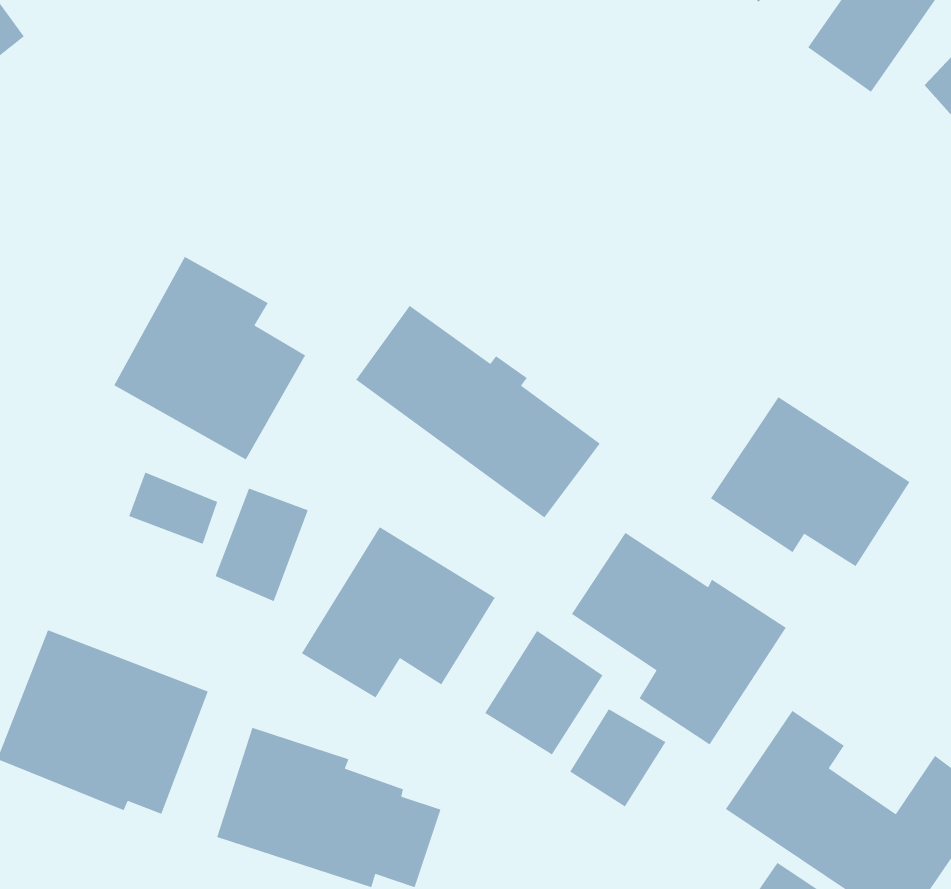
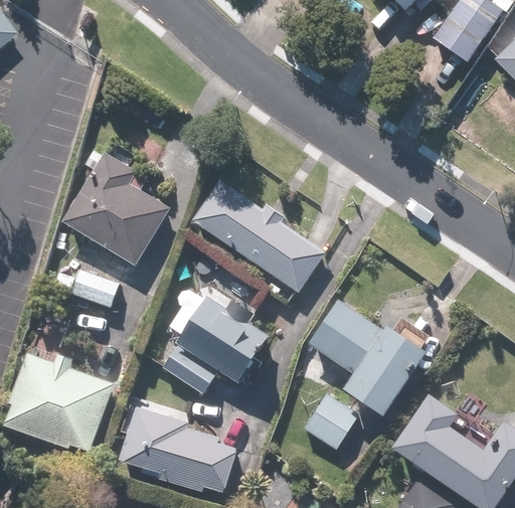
building: [710,396,910,567] -> none
building: [215,487,309,602] -> none
building: [484,630,604,756] -> none

